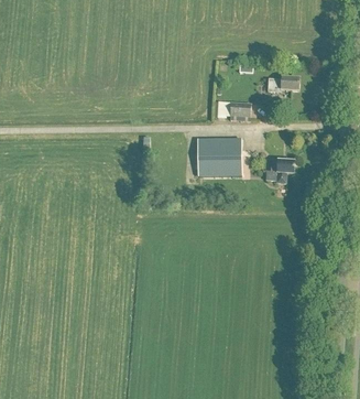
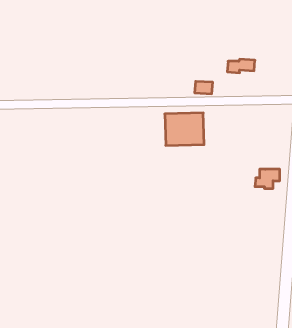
building: [265,160,294,182] -> [255,169,280,188]

